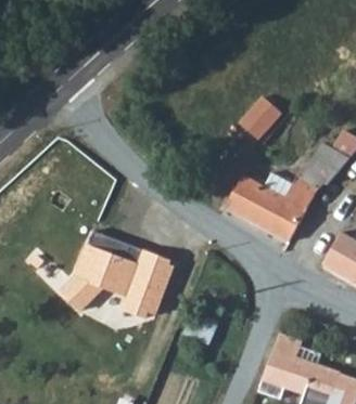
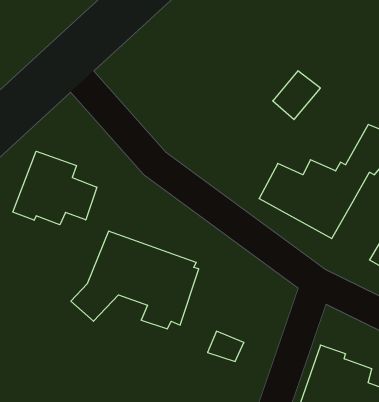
building: none -> [13,151,97,225]

